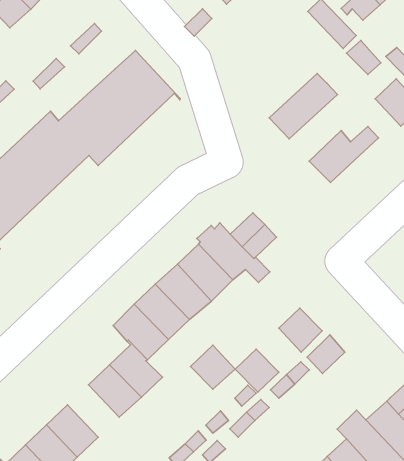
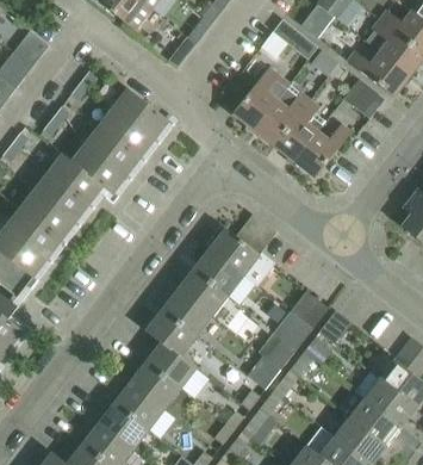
building: none -> [234,67,290,129]
building: none -> [274,99,326,161]
building: [190,345,235,389] -> [274,310,313,348]
building: none -> [118,385,164,429]

